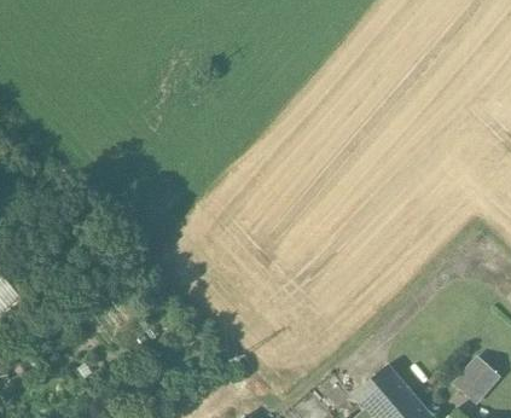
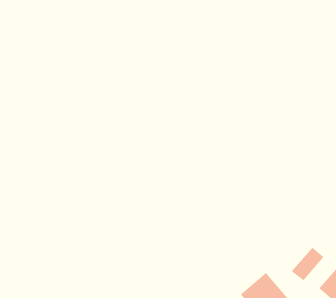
building: none -> [291,247,324,281]

